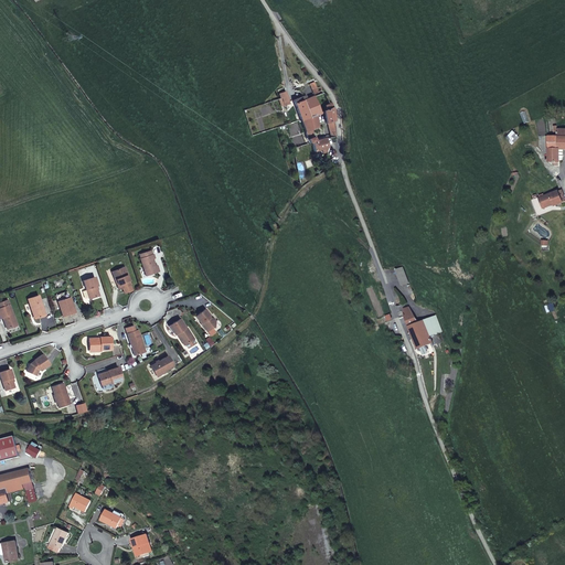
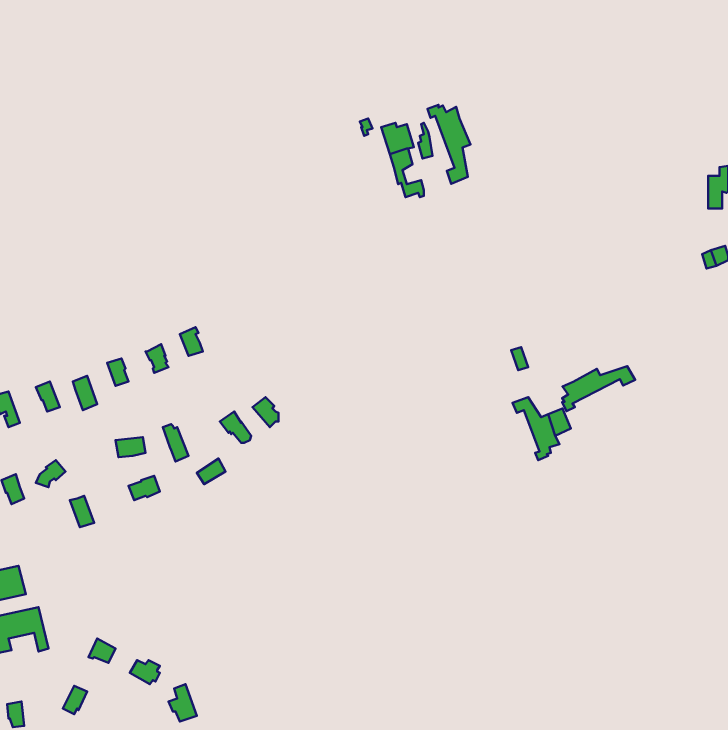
building: none -> [427,105,470,184]
building: none -> [562,366,635,411]

